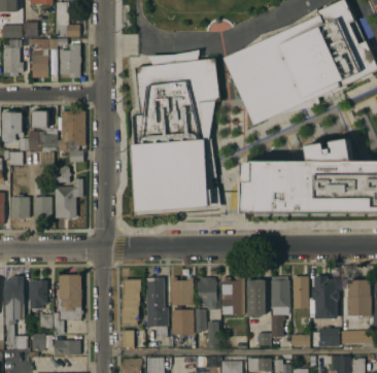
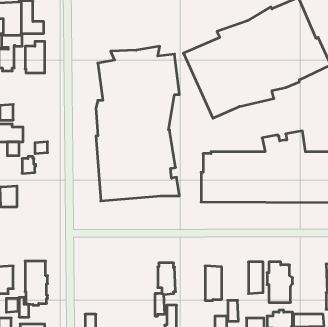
building: [58,111,84,150] -> none
building: [55,179,82,218] -> none
building: [271,276,288,307] -> none
building: [146,277,167,338] -> none
building: [172,277,193,305] -> none
building: [222,277,243,314] -> none
building: [122,279,140,325] -> none
building: [347,280,371,317] -> none
building: [172,310,193,335] -> none

